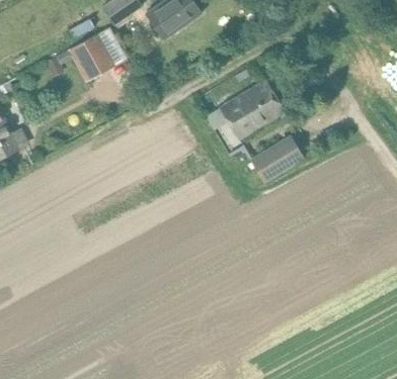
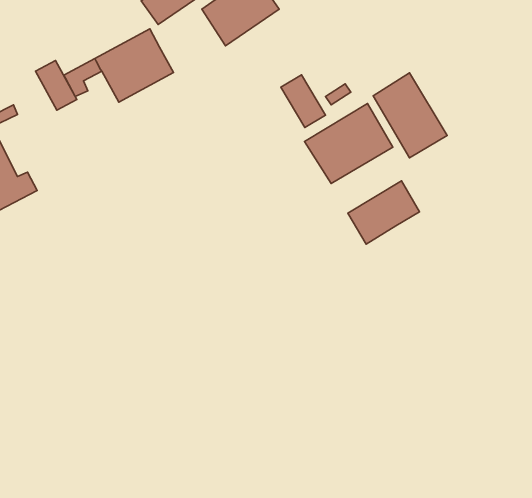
building: none -> [36,60,77,110]
building: none -> [373,73,447,158]
building: none -> [281,75,326,127]

